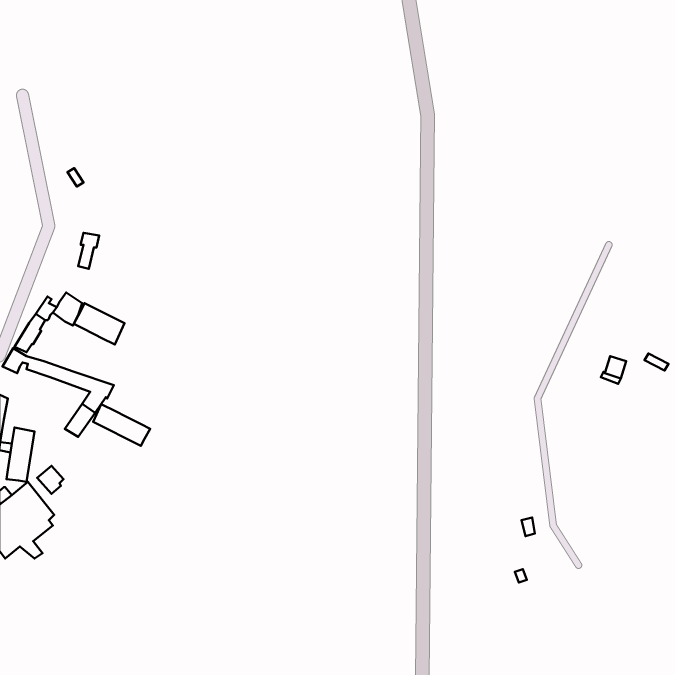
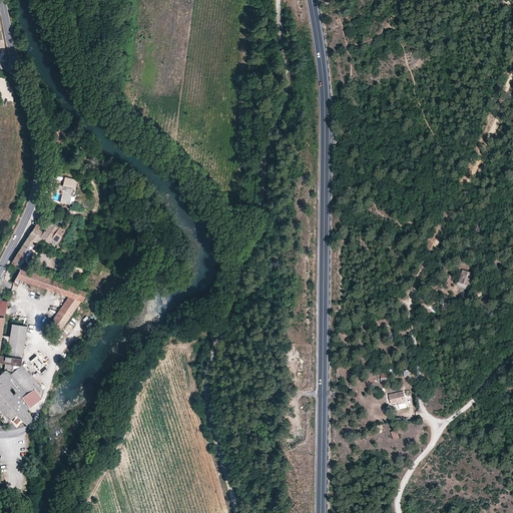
building: [74,303,125,344] -> none
building: [93,404,150,446] -> none

